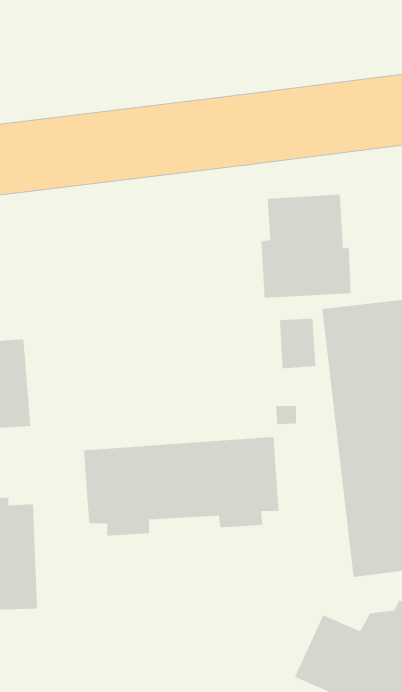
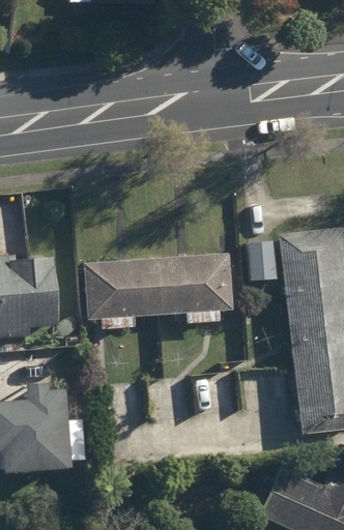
building: [261,194,351,299] -> none
building: [83,437,280,536] -> [84,255,233,330]

